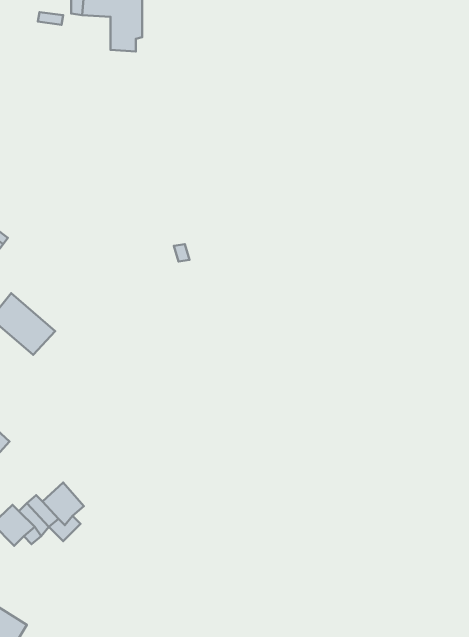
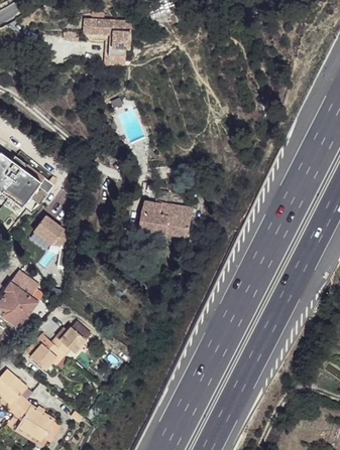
building: none -> [138,200,192,234]

